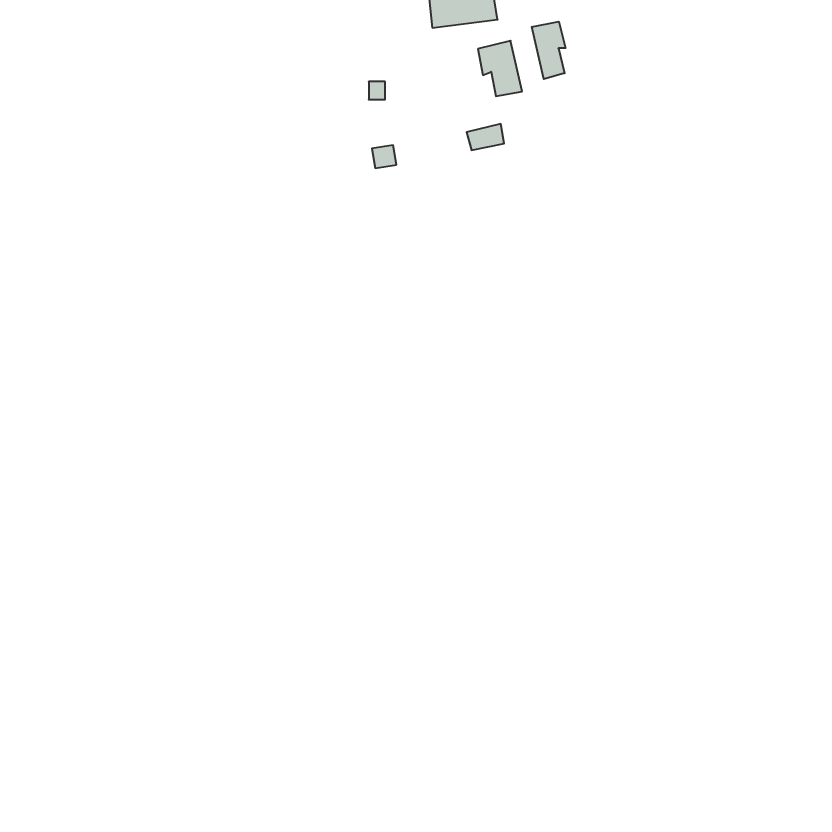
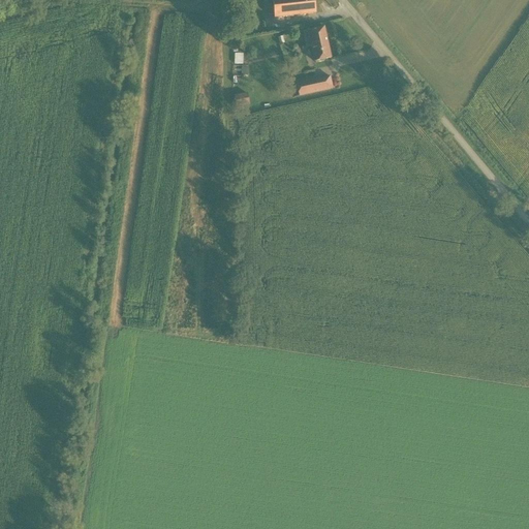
building: [532,22,566,79] -> none

